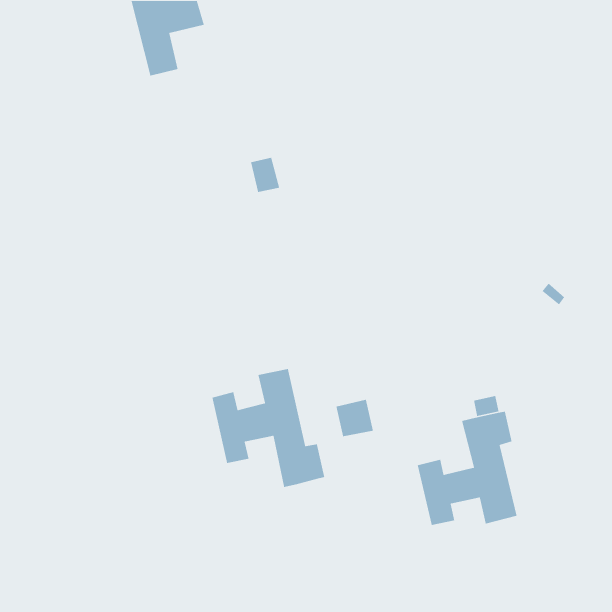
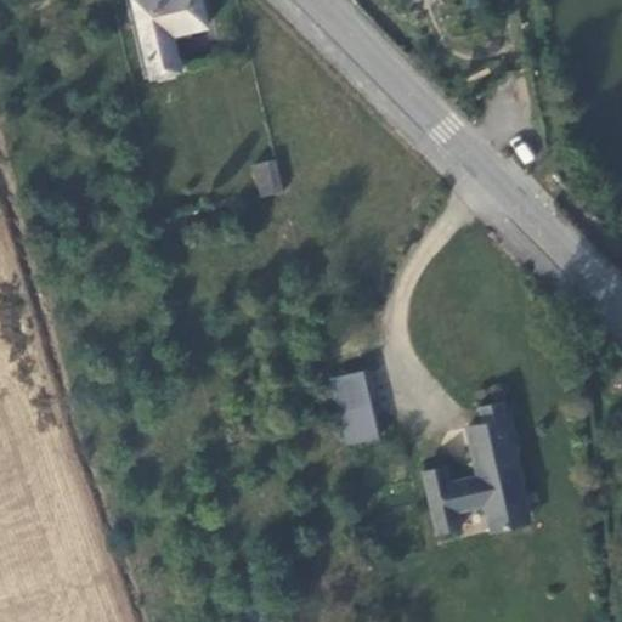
building: none -> [332,371,372,412]
building: [211,368,325,488] -> none

